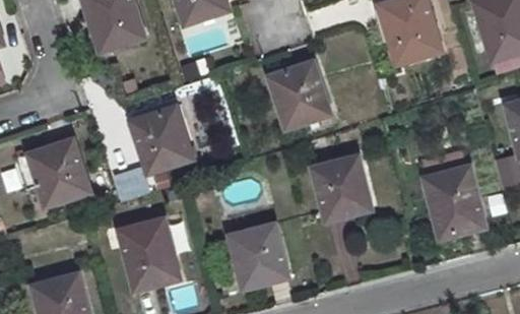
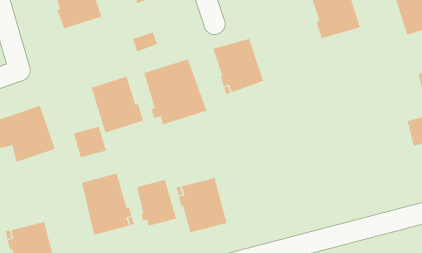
building: none -> [143,58,207,125]
building: [312,156,370,219] -> none
building: [428,165,486,237] -> none
building: none -> [136,179,177,226]

